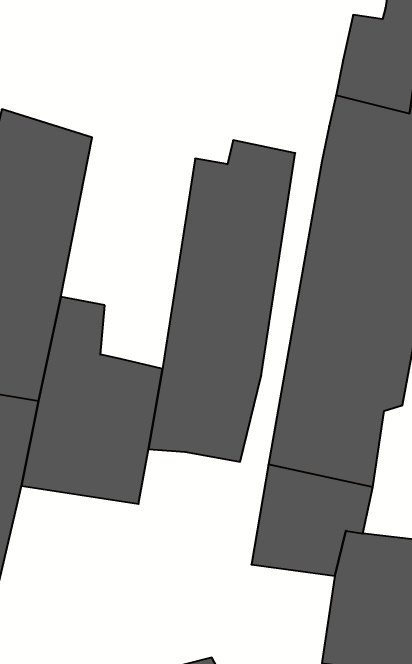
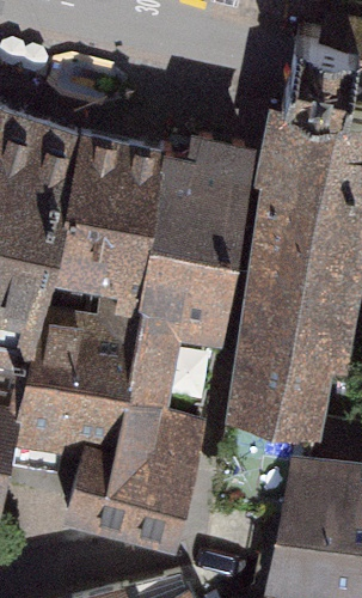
building: none -> [53,134,166,330]
building: none -> [70,398,203,545]

